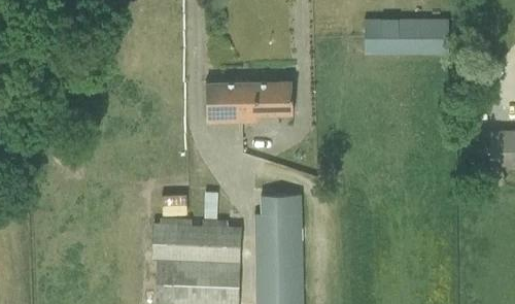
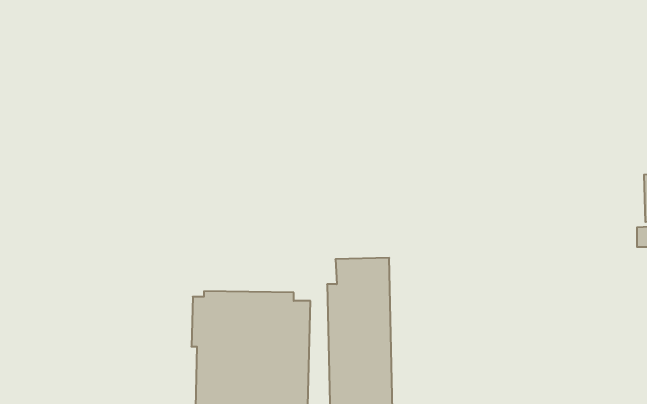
building: [365,19,448,53] -> none
building: [206,80,293,123] -> none

